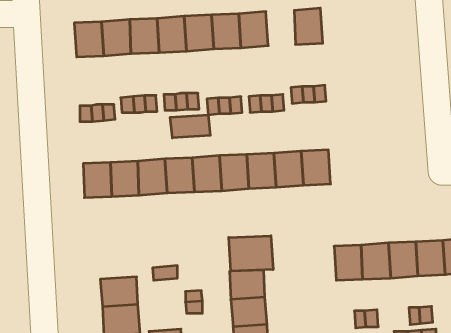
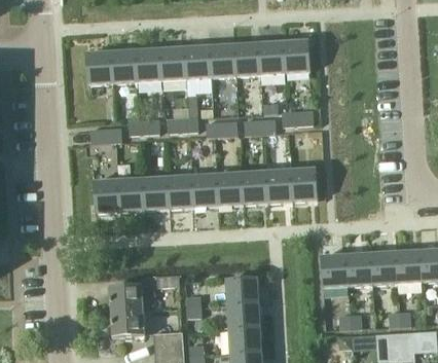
building: none -> [259,41,286,73]
building: [170,115,210,138] -> none
building: [229,236,273,271] -> none

